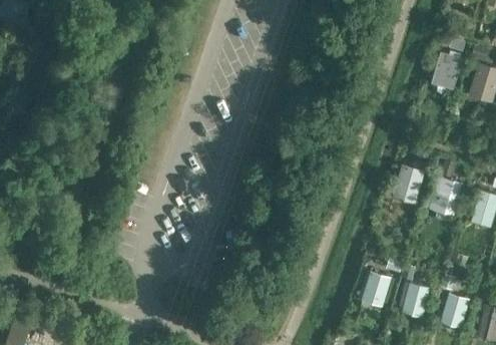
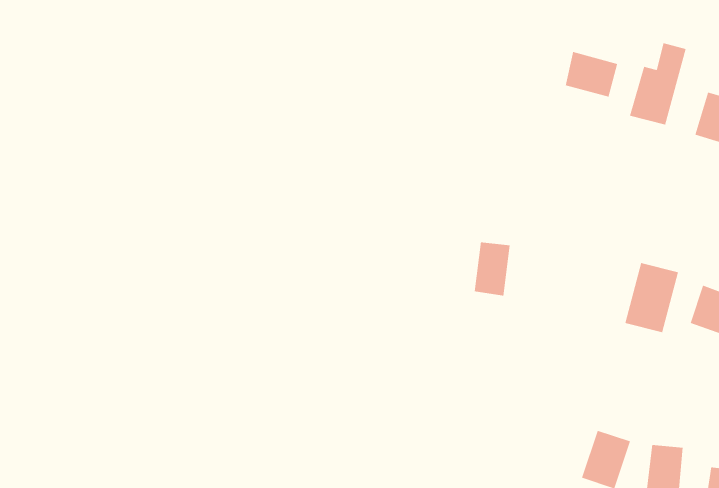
building: none -> [565,51,618,97]
building: [392,166,415,201] -> [474,242,511,296]
building: [362,272,386,305] -> none

